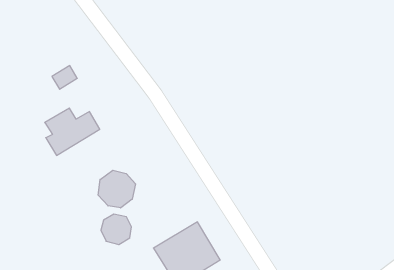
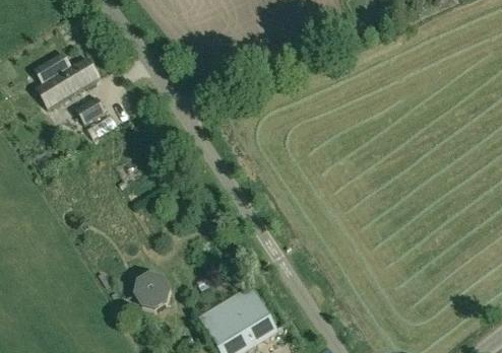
building: [45,108,100,155] -> [35,53,101,110]
building: [98,170,135,208] -> none

